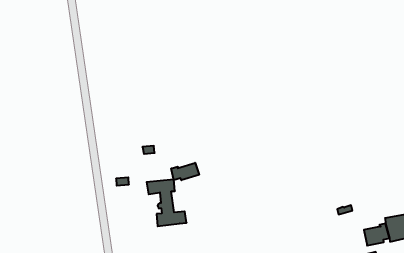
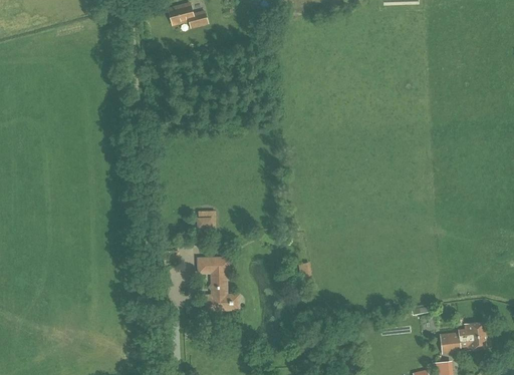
building: [171,163,199,180] -> none

